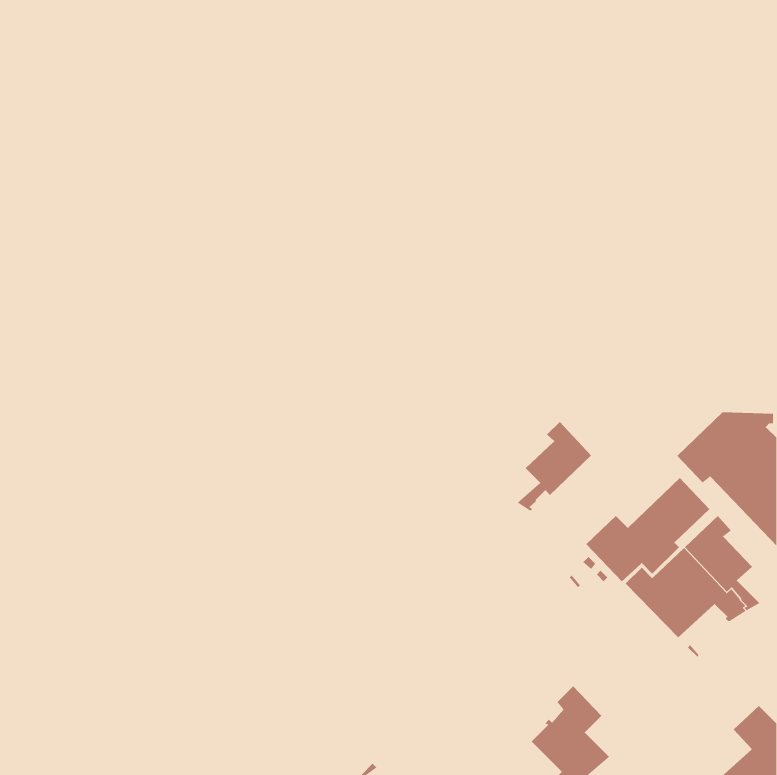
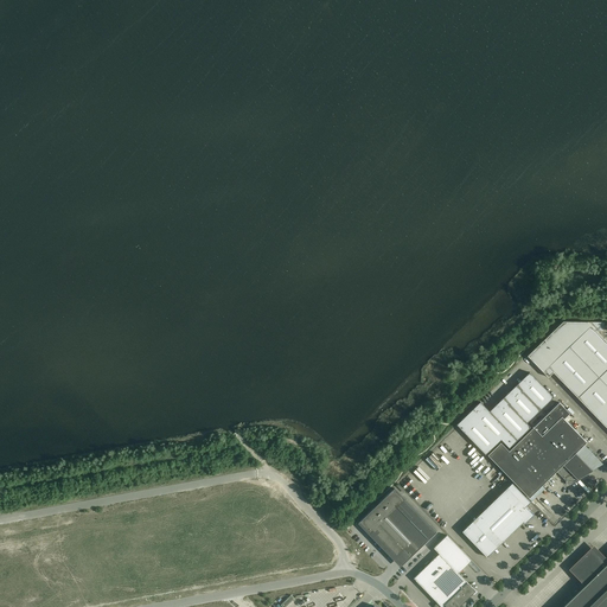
building: [517,421,592,512] -> none
building: none -> [461,469,533,558]
building: none -> [358,490,436,558]

